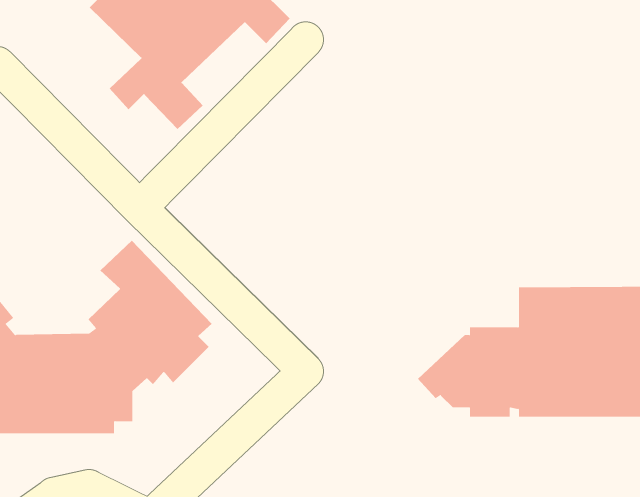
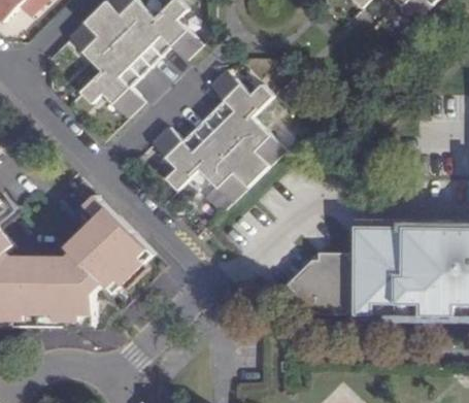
building: none -> [148,69,283,203]

